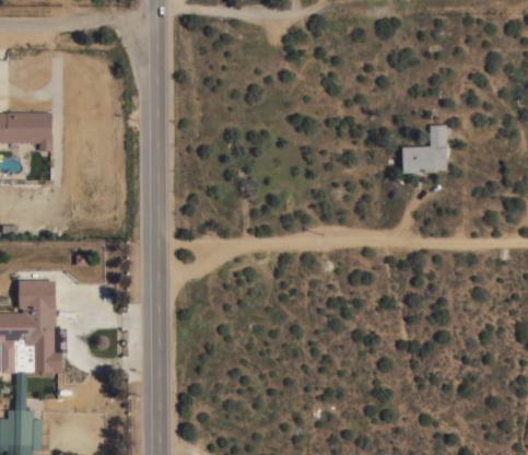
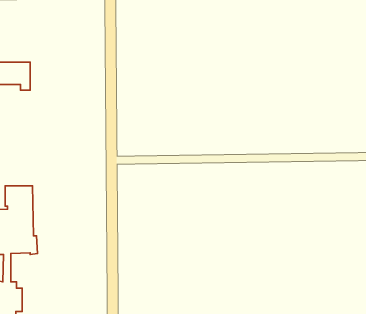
building: [400,124,446,173] -> none

